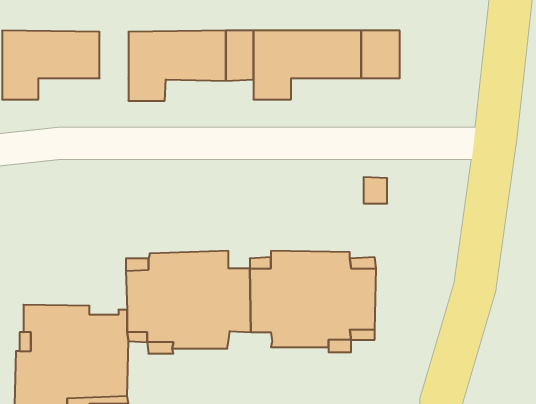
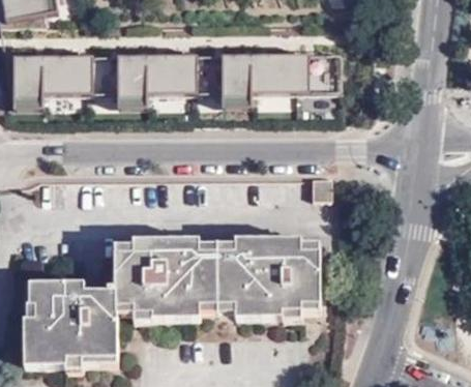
building: none -> [92,55,116,93]

